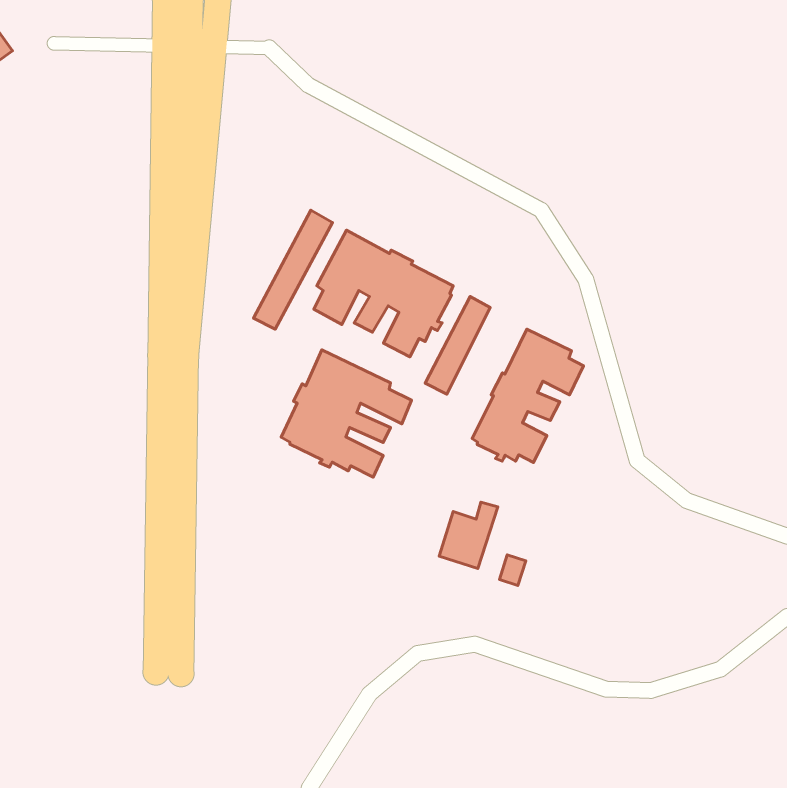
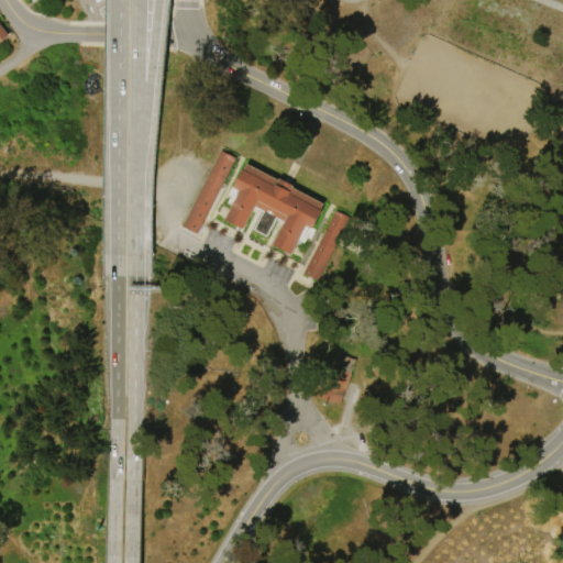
building: [472,329,584,462] -> none
building: [281,350,412,477] -> none

